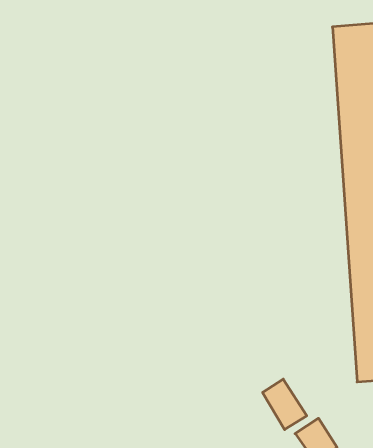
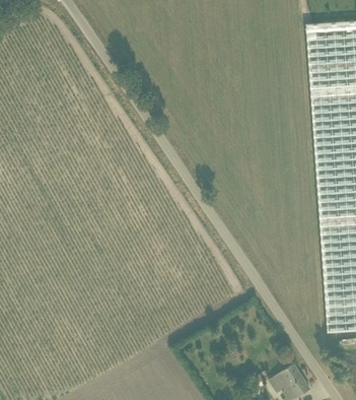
building: [263,379,307,430] -> none

